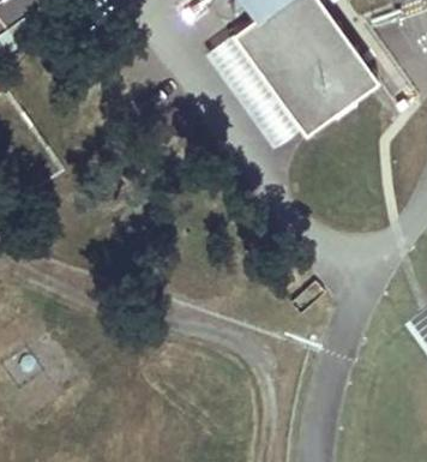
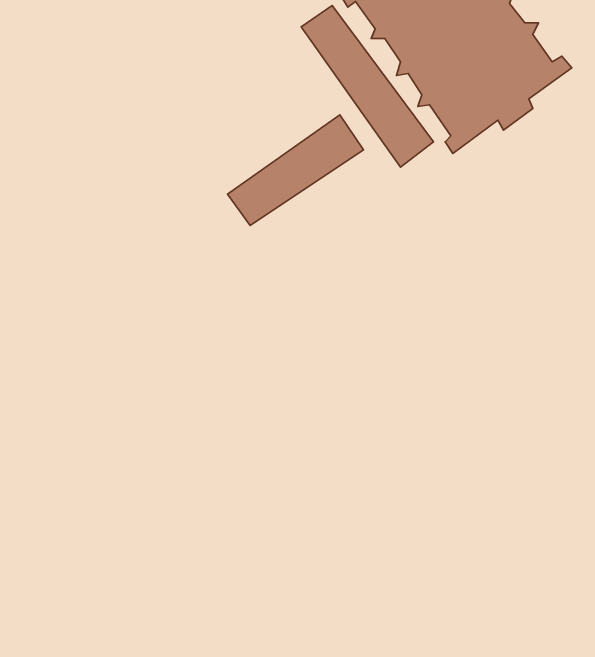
building: none -> [228,115,363,225]

